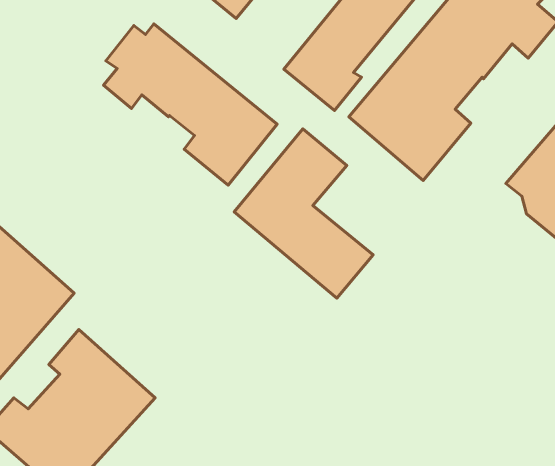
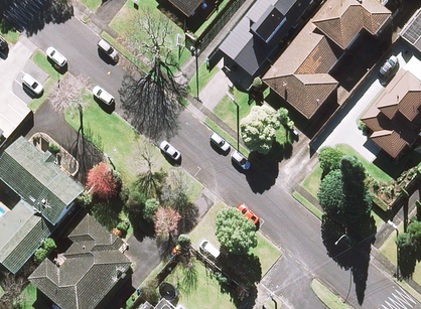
building: [104,24,277,185] -> none
building: [234,129,373,298] -> none

